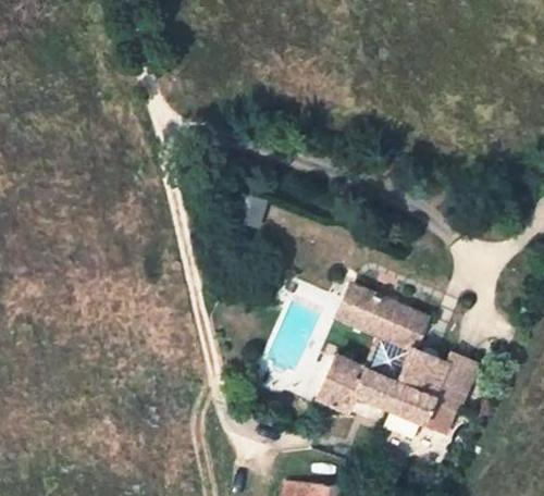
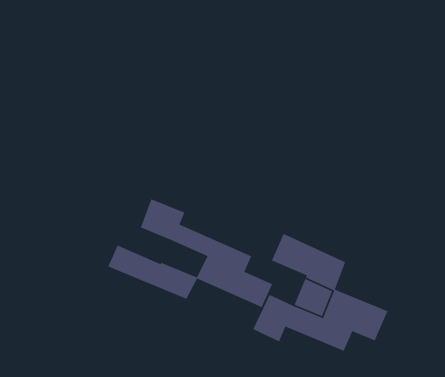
building: none -> [107,198,273,308]

